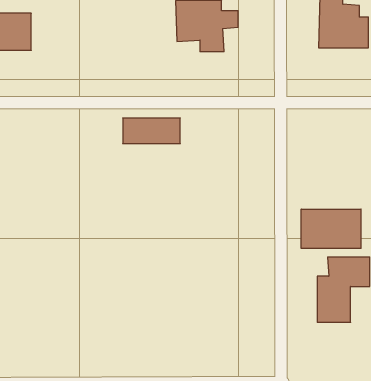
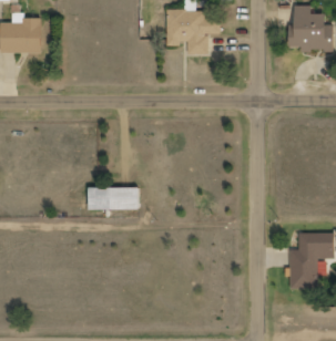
building: [123,118,180,144] -> [88,187,138,209]
building: [301,209,361,248] -> none

